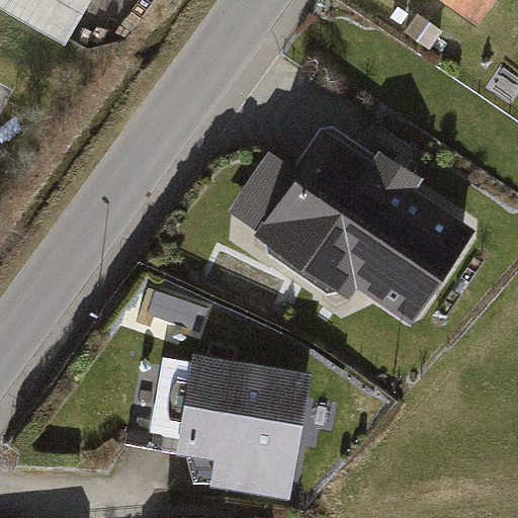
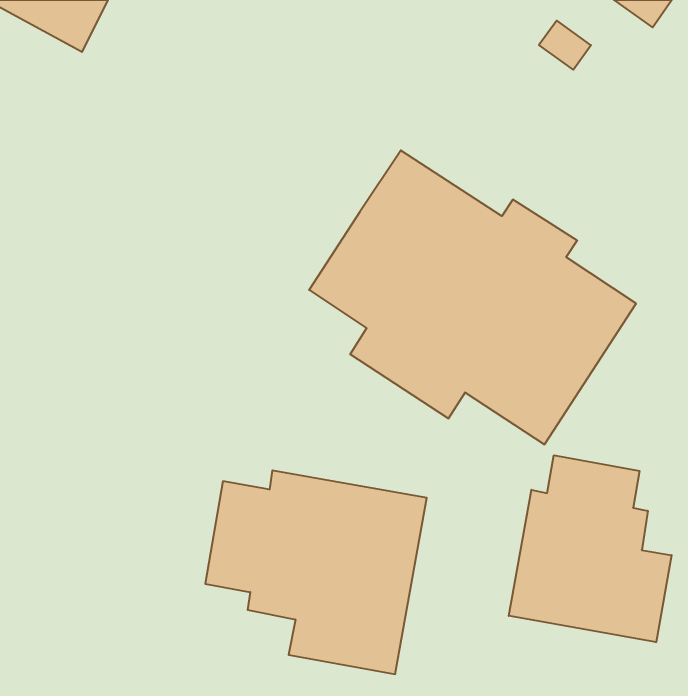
building: none -> [509,455,672,642]

